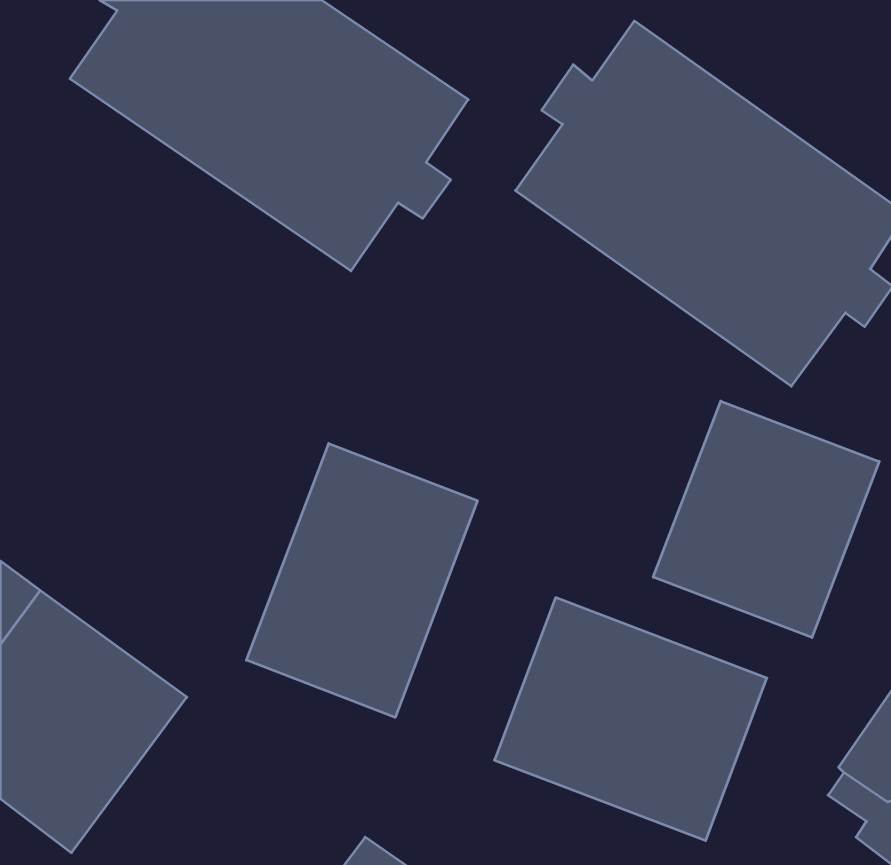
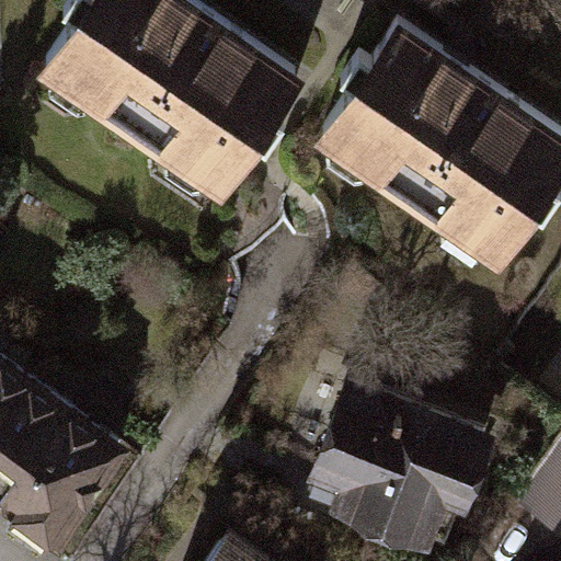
building: [653,401,879,638] -> none
building: [246,443,477,717] -> none

